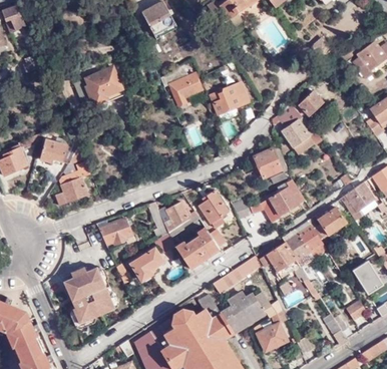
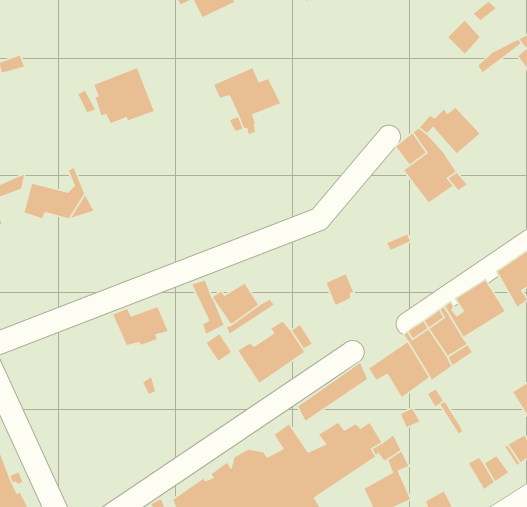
building: [211,84,249,114] -> none
building: [256,143,286,177] -> none
building: [57,161,91,205] -> none
building: [268,178,303,217] -> none
building: [200,190,228,227] -> none
building: [130,249,161,280] -> none
building: [62,271,112,326] -> none

